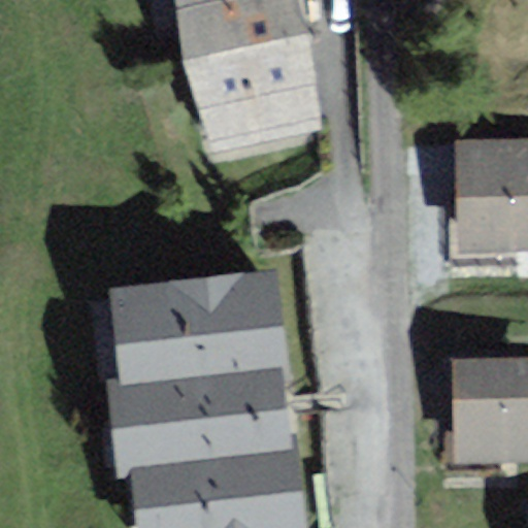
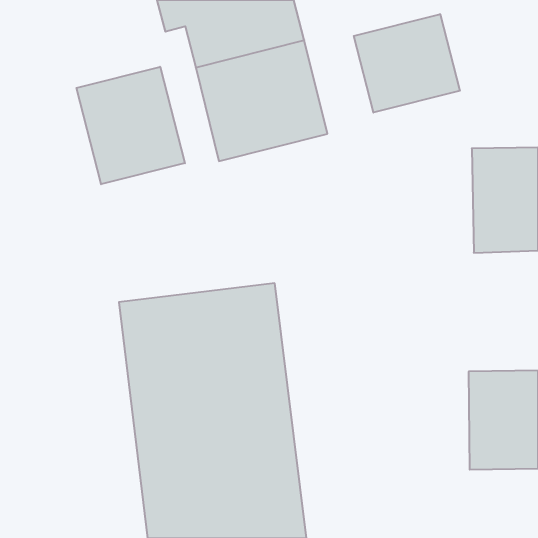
building: none -> [354,14,460,113]
building: none -> [76,67,185,184]

